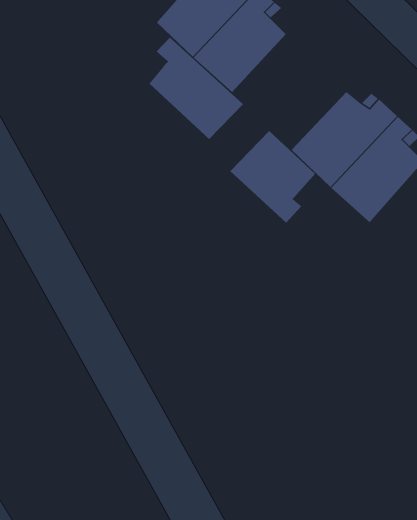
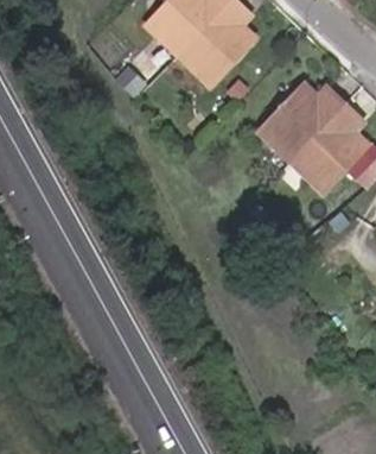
building: [148,37,244,140] -> none
building: [230,130,316,223] -> none

